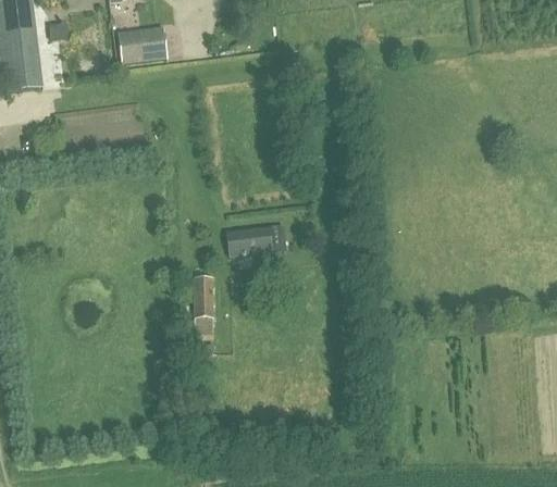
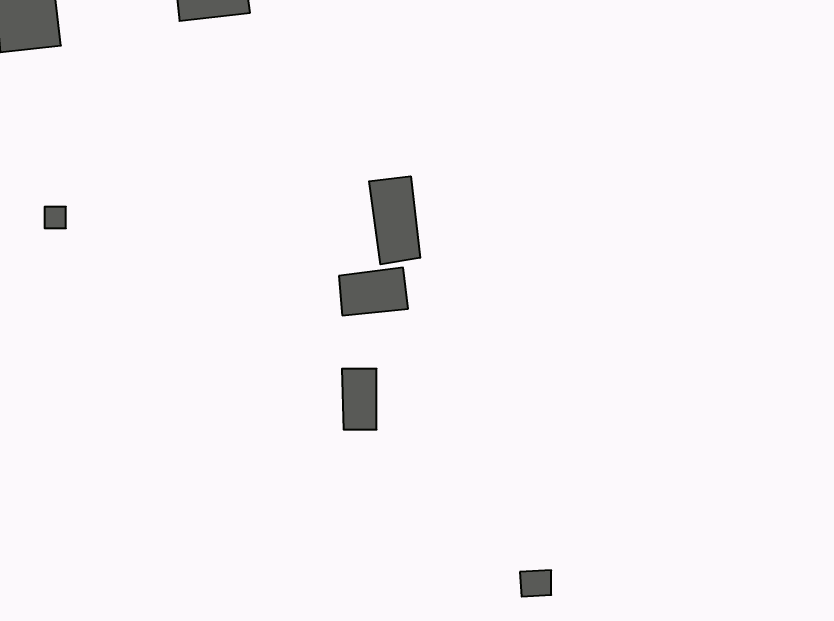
building: none -> [369,176,420,264]
building: [191,275,214,315] -> [342,369,377,430]

